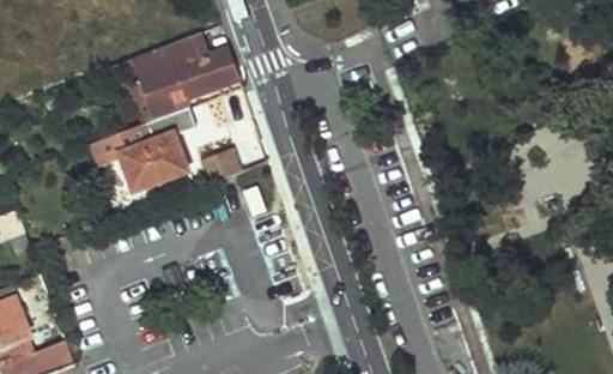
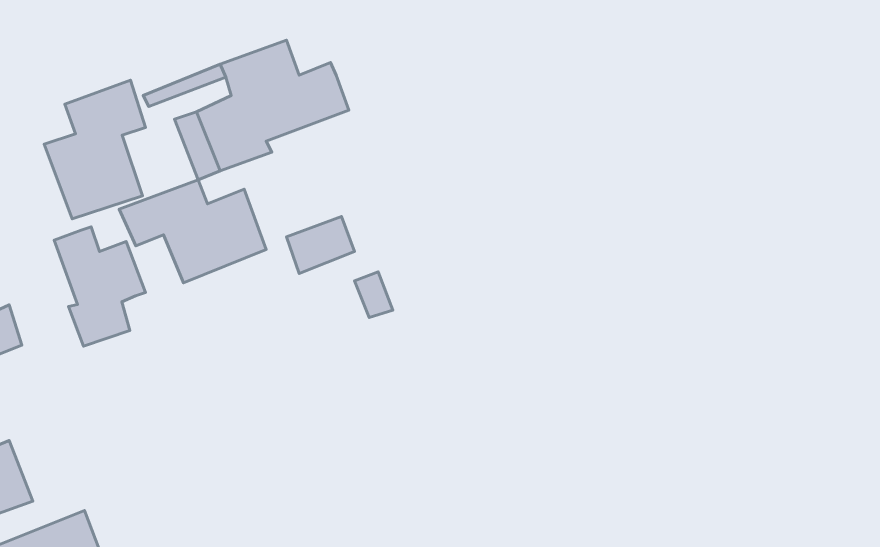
building: none -> [44,80,146,219]
building: none -> [54,227,146,346]

